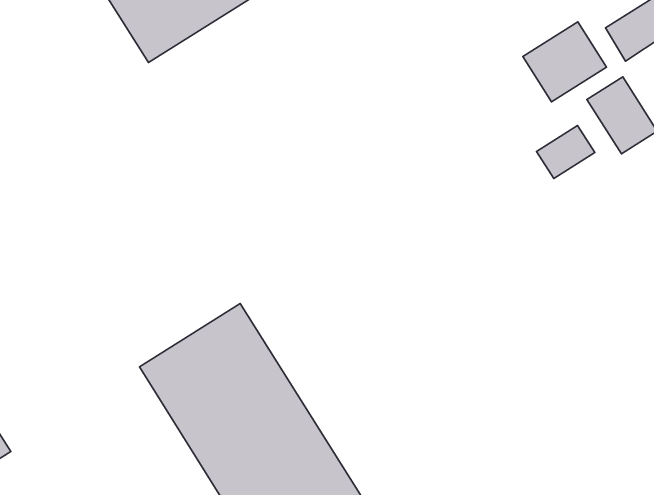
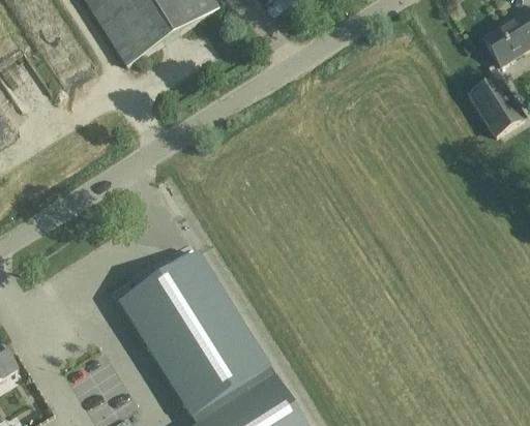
building: [523,22,607,102] -> none
building: [537,125,595,179] -> none

